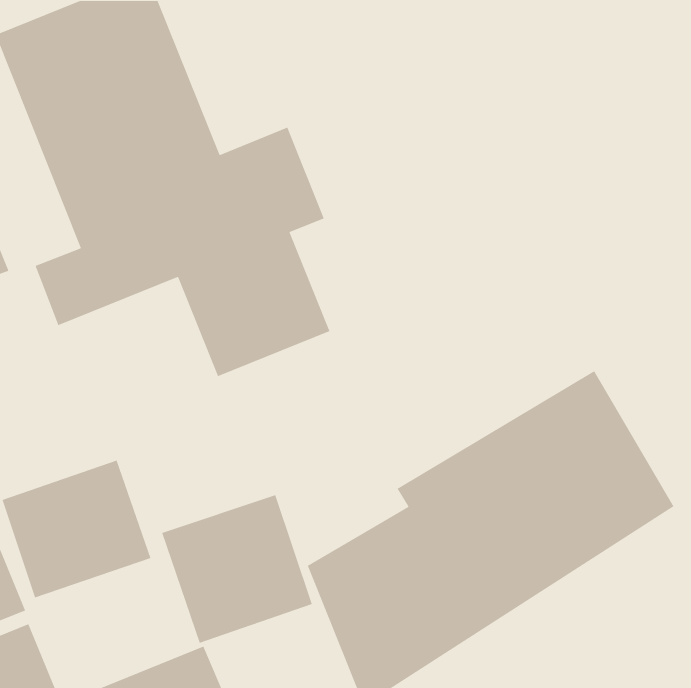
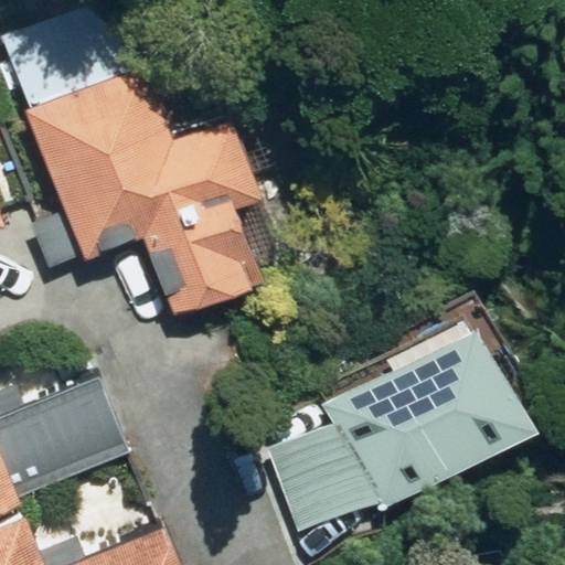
building: [161,494,313,644] -> none

